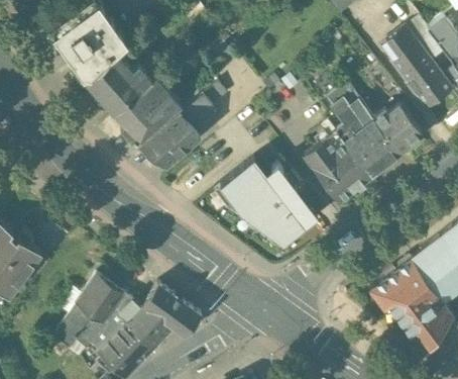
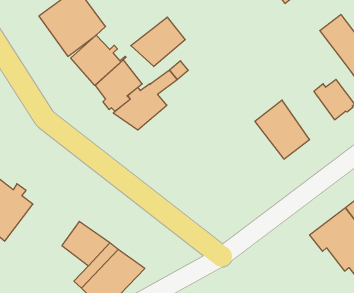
building: none -> [131,17,185,67]
building: [327,85,399,178] -> none
building: [219,159,318,245] -> none
building: [143,285,202,338] -> none
building: [53,303,108,351] -> none

